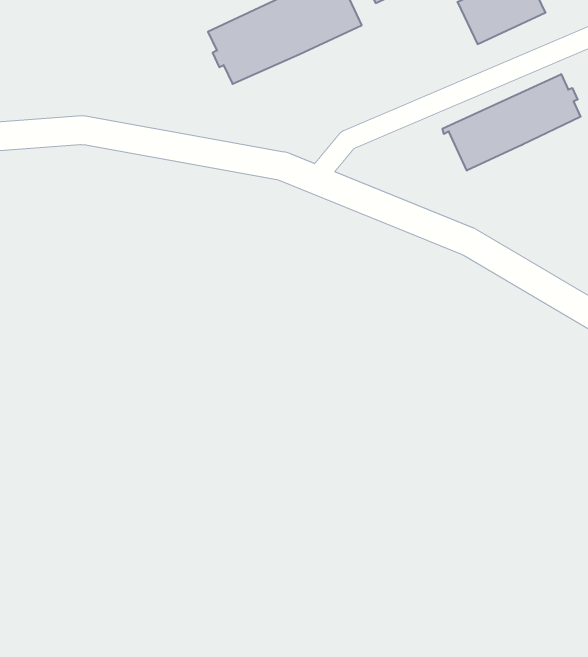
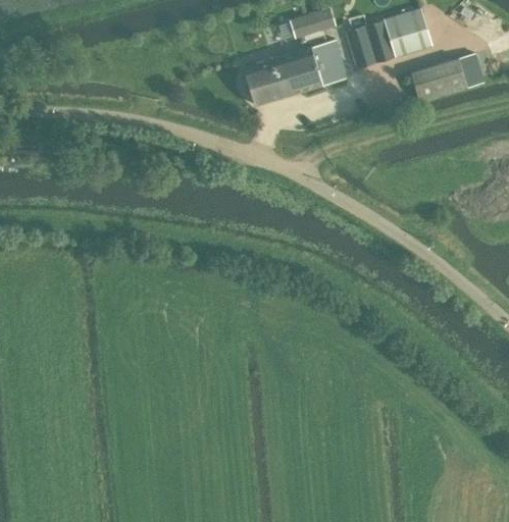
building: [443,74,581,171] -> none

